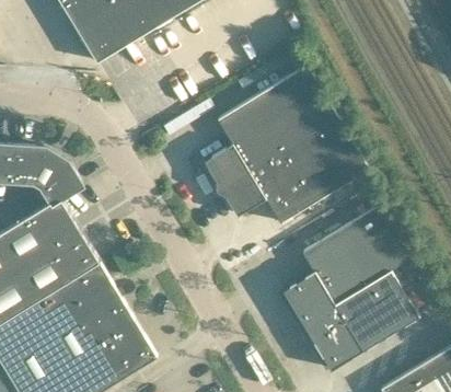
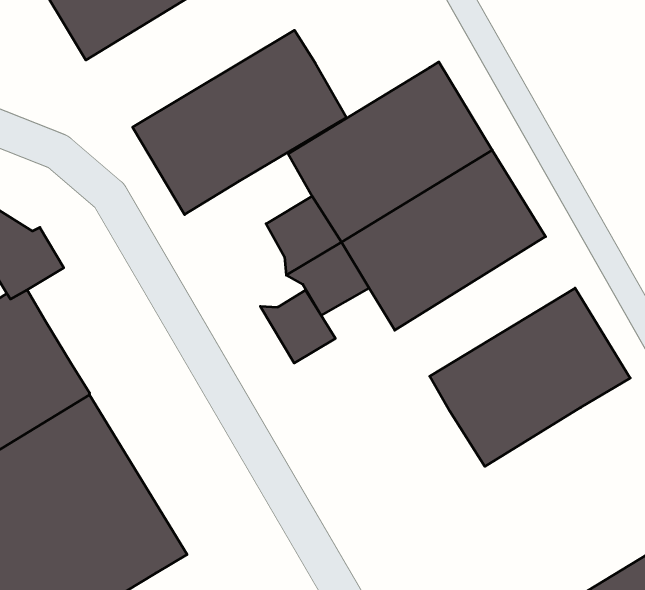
building: none -> [133,30,346,215]
building: none -> [260,290,335,363]
building: [282,270,419,370] -> none

